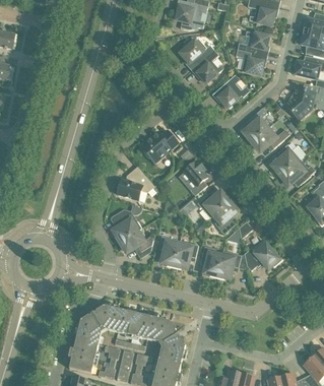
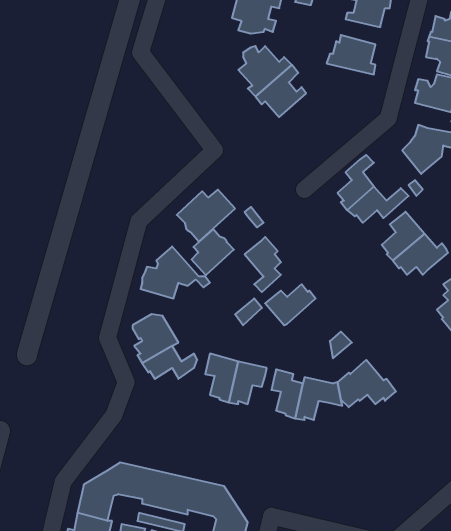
building: [236,49,267,75] -> none
building: [211,74,249,108] -> none
building: none -> [192,229,234,275]
building: [211,200,237,235] -> none

